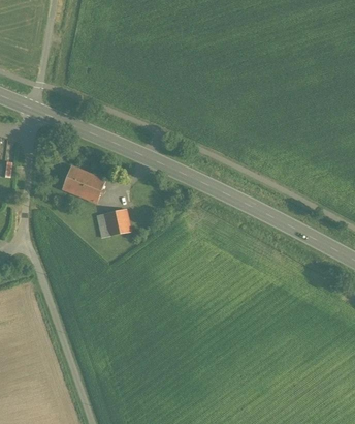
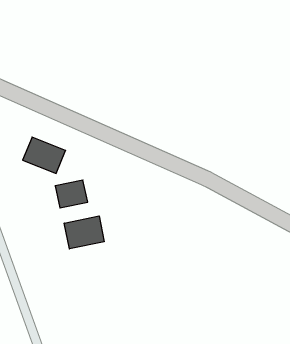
building: none -> [64,216,104,249]

